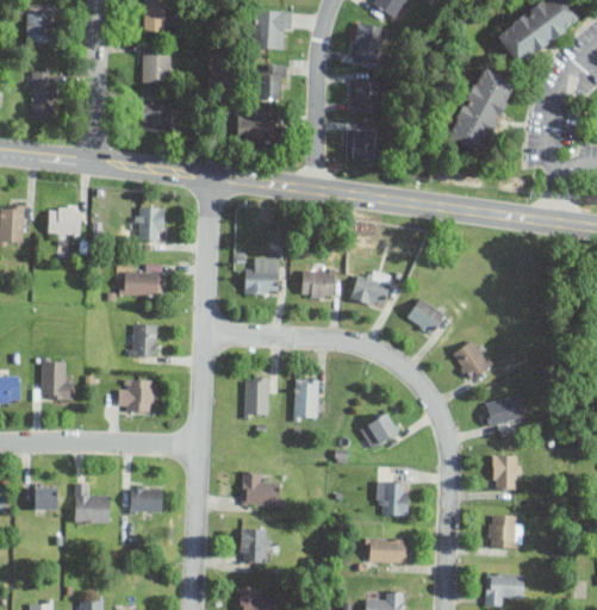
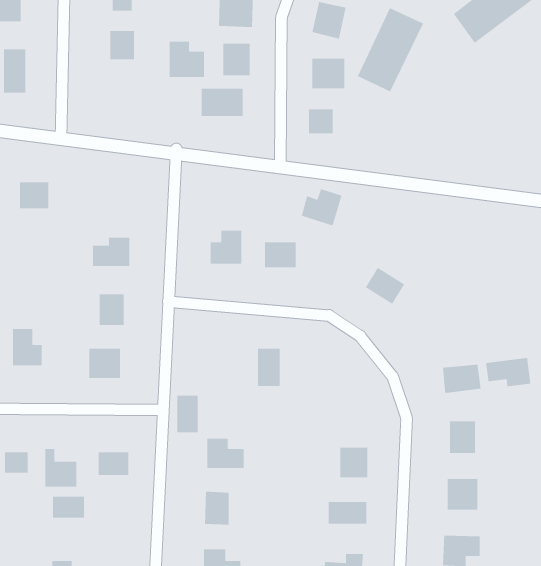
building: none -> [169,41,205,78]
building: [447,67,516,155] -> [357,7,424,93]
building: [141,104,172,132] -> none
building: [133,208,163,242] -> none
building: [350,270,393,310] -> [301,188,342,226]
building: [452,338,492,380] -> none
building: [245,378,268,417] -> [177,395,199,433]
building: none -> [485,357,531,387]
building: [359,411,402,450] -> none
building: none -> [52,496,85,519]

